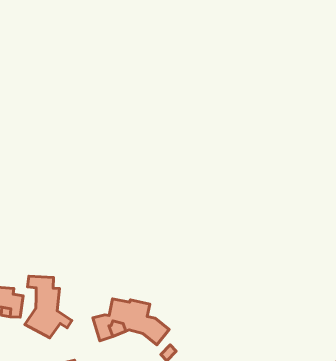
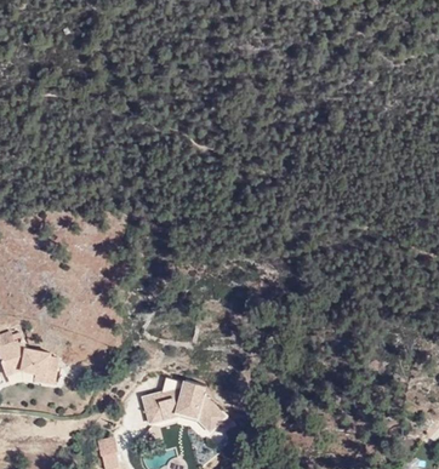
building: [25,276,72,338] -> none

